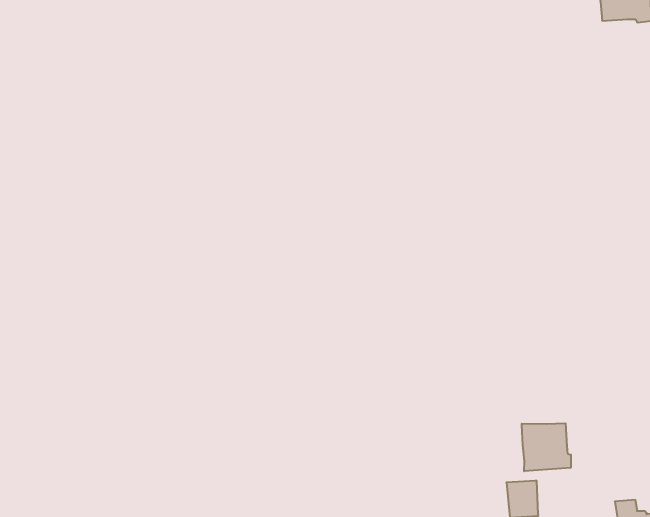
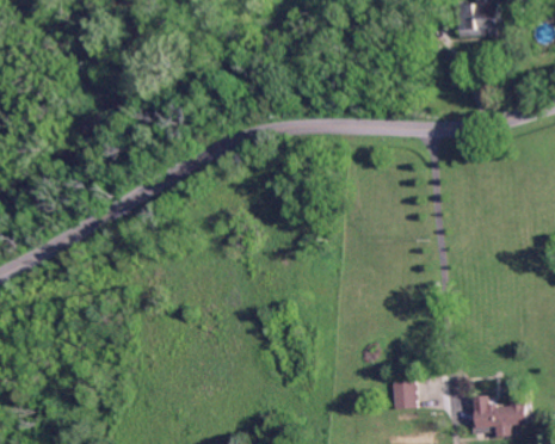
building: [522,423,571,471] -> none

